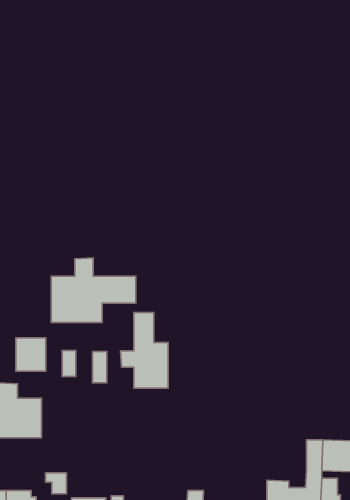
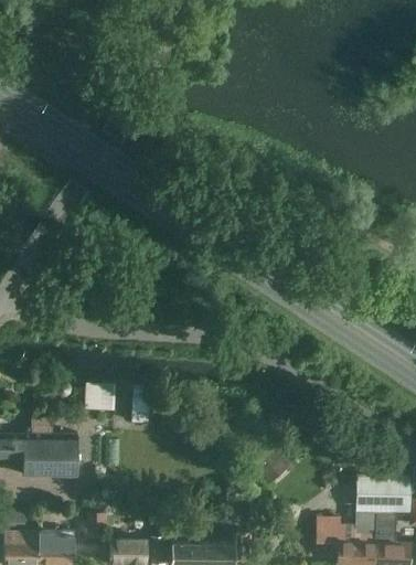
building: [51,258,136,323] -> none
building: [121,312,168,388] -> none
building: [16,338,46,371] -> none

